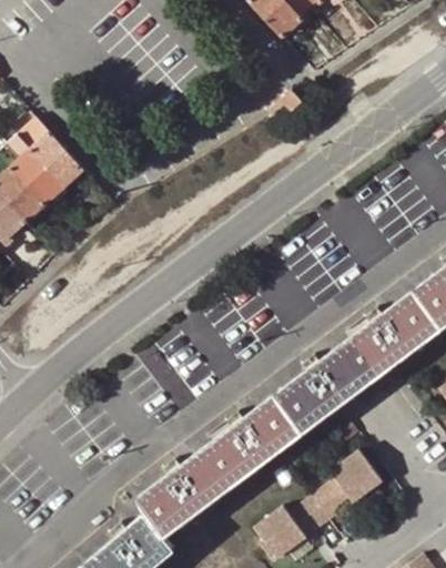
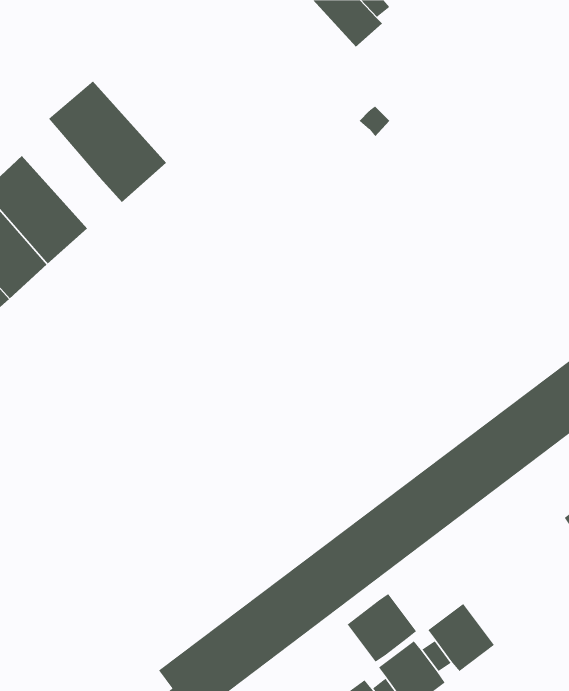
building: none -> [48,80,167,203]
building: none -> [347,593,417,663]

